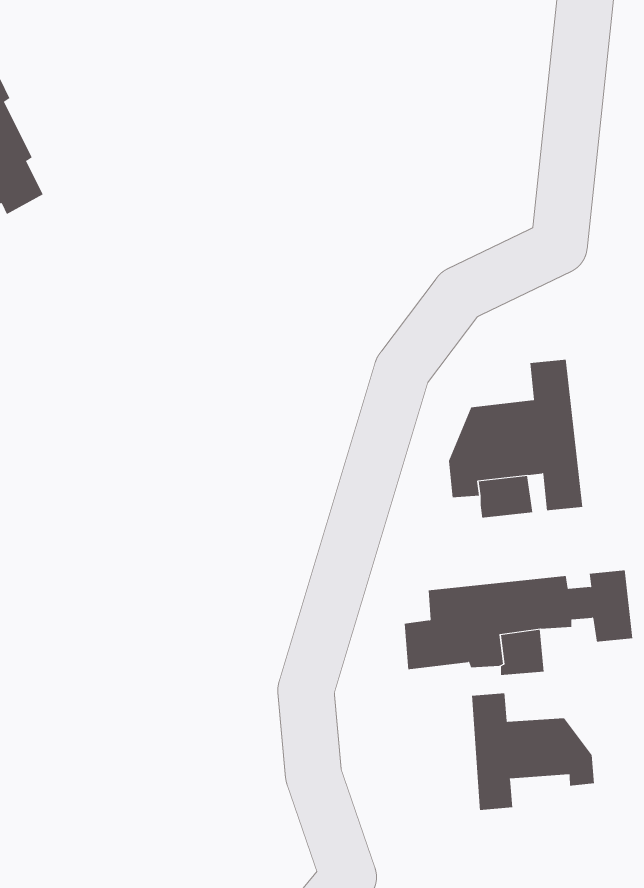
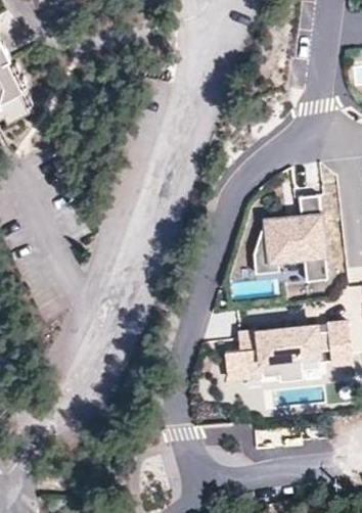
building: [471,693,595,811] -> none

